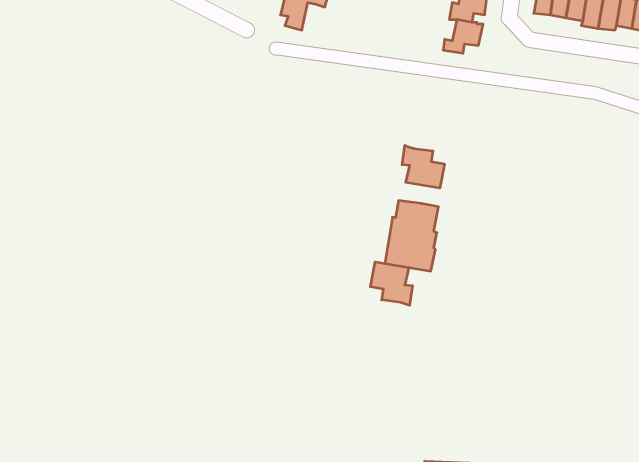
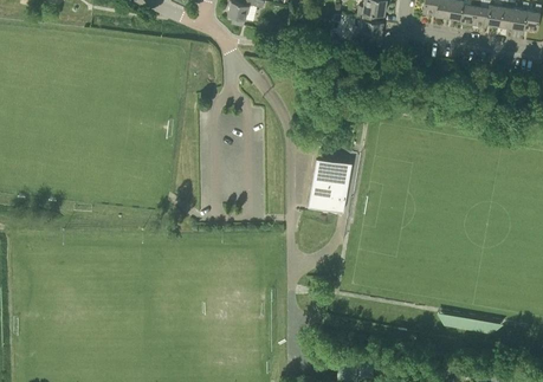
building: [402,145,444,188] -> none
building: [370,262,412,305] -> none

